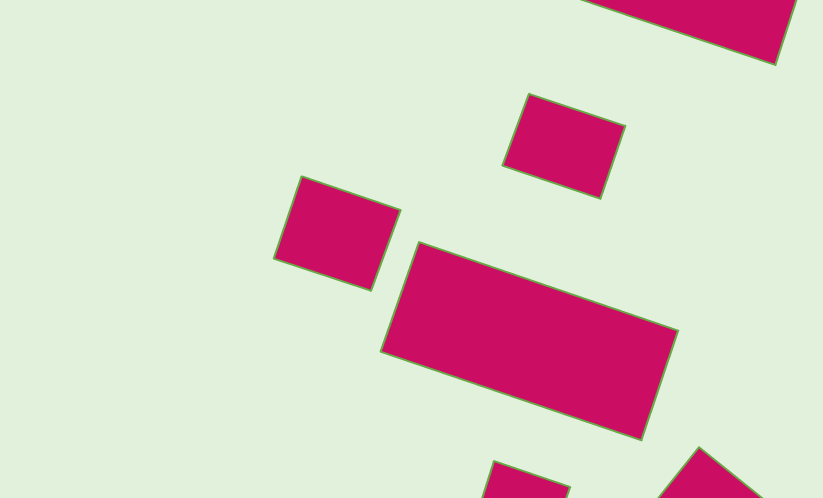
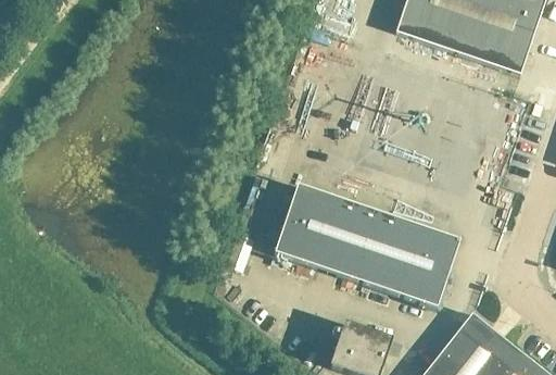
building: [503,94,625,199] -> none
building: [274,176,401,291] -> none

